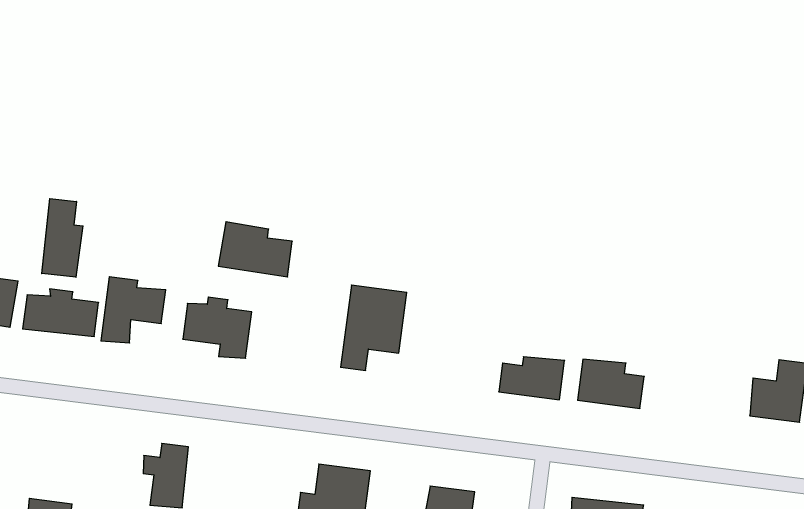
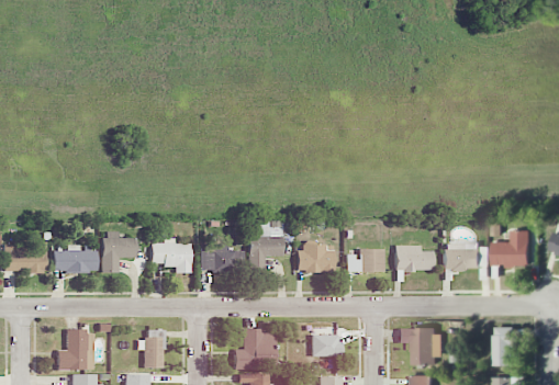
building: [42,199,83,277] -> none
building: [218,222,292,277] -> [199,244,242,272]
building: none -> [297,244,333,273]
building: none -> [443,244,480,271]
building: none -> [56,330,92,370]

